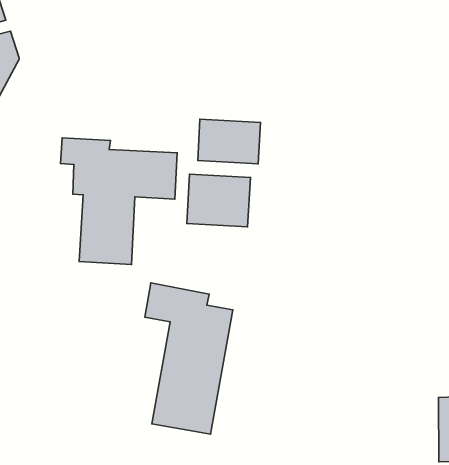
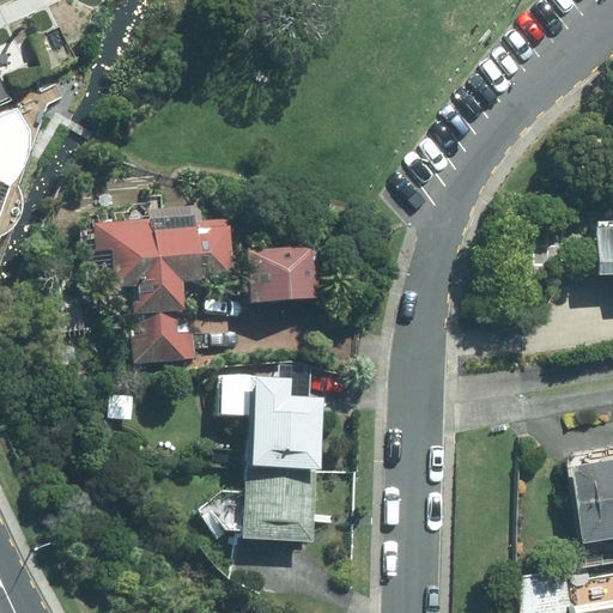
building: [198,119,260,164] -> none

